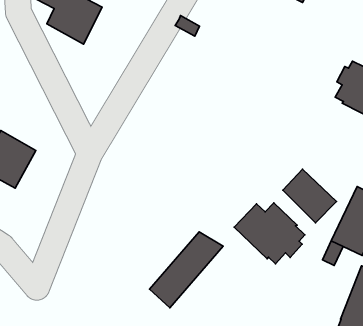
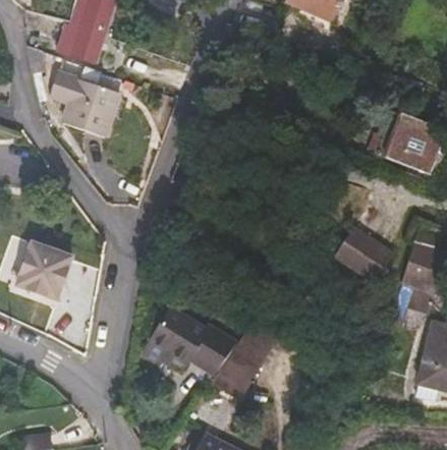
building: [234,203,305,264] -> none
building: none -> [145,307,236,370]

